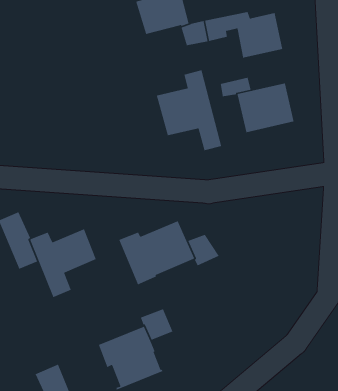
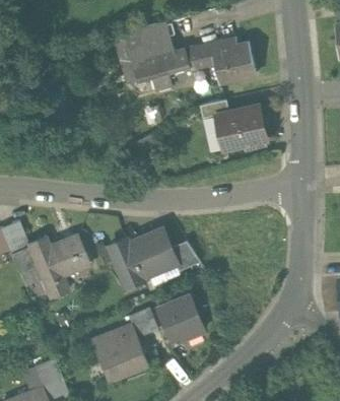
building: none -> [132,55,168,81]
building: [156,70,222,151] -> none
building: none -> [157,294,203,343]

